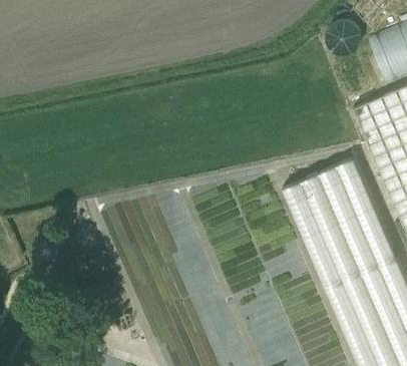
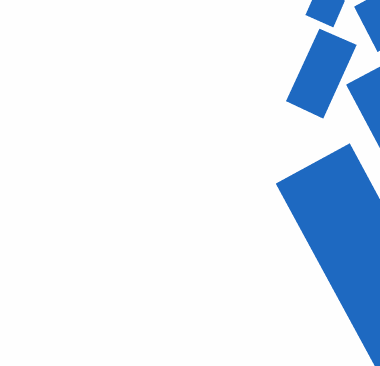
building: none -> [285,28,358,119]

